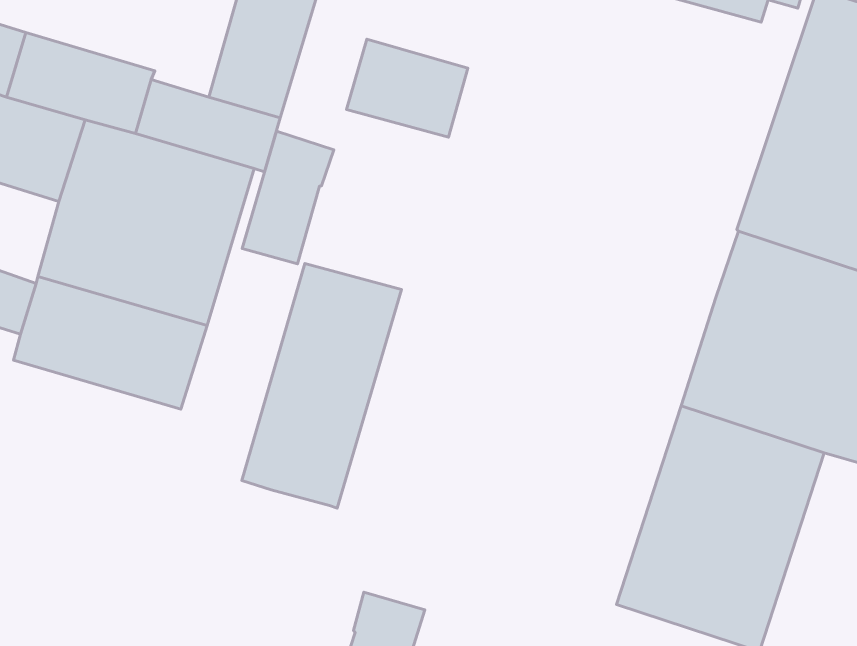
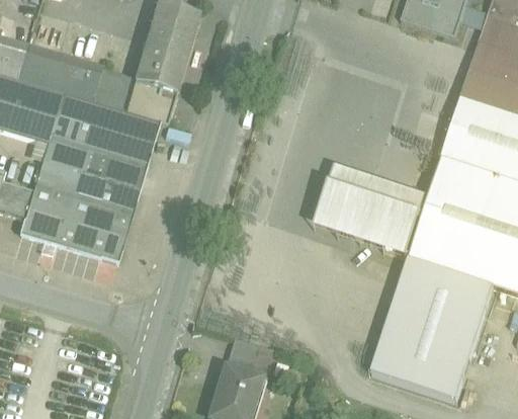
building: [347,39,468,137] -> none
building: [242,131,334,264] -> none
building: none -> [314,163,429,258]
building: [242,263,402,508] -> none
building: none -> [228,336,272,370]

